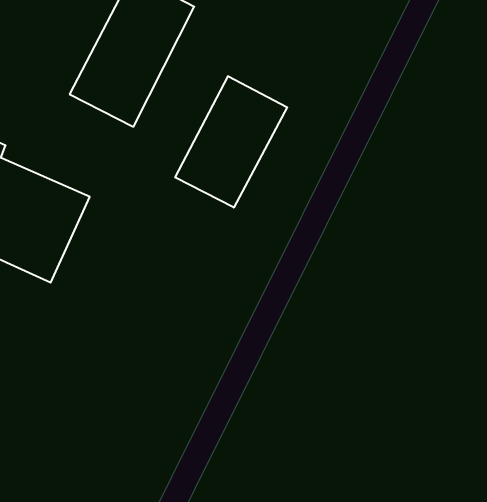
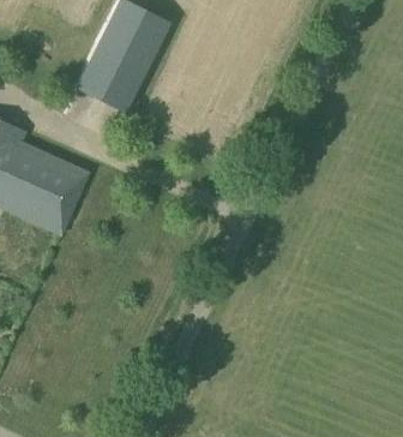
building: [175,76,287,208] -> none

